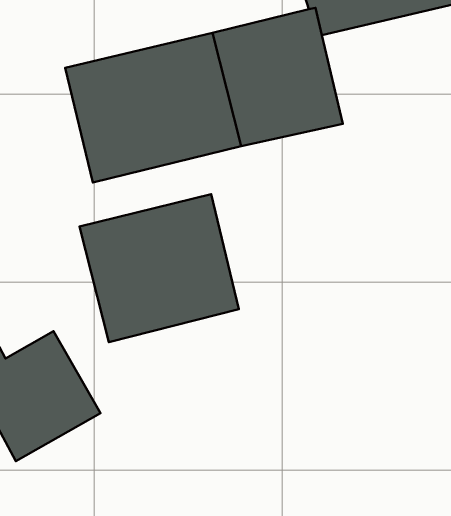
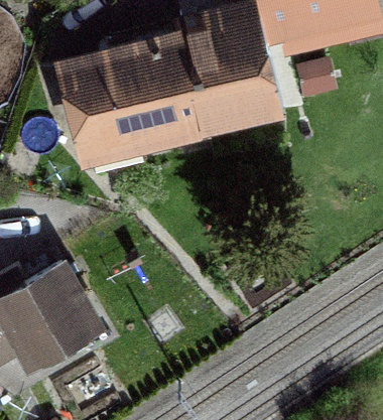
building: [80,194,239,342] -> none

